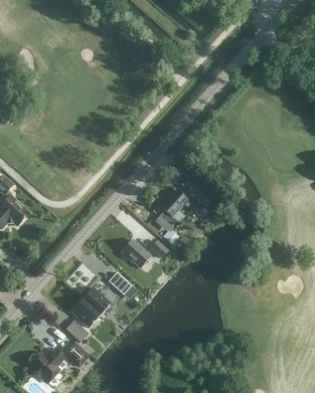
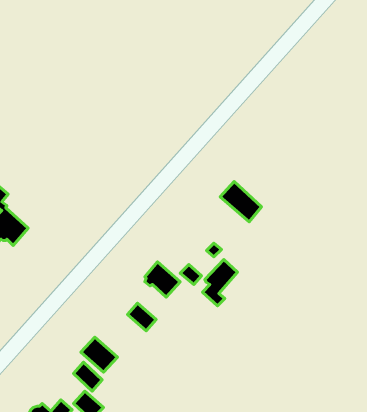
building: [158,190,186,227] -> [202,259,237,306]
building: [82,287,110,316] -> none

